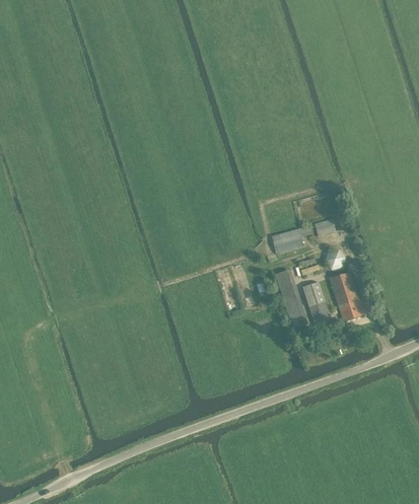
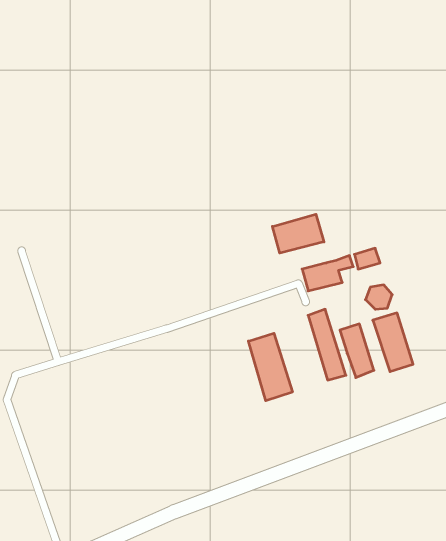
building: none -> [272,214,324,253]
building: none -> [248,333,292,401]

